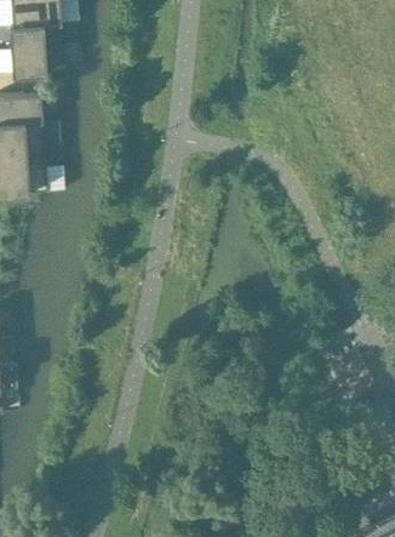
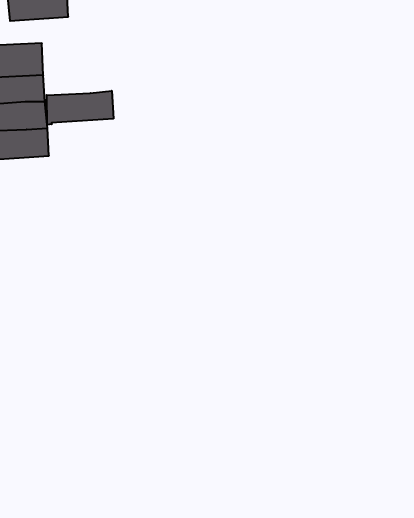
building: none -> [47,91,113,125]

